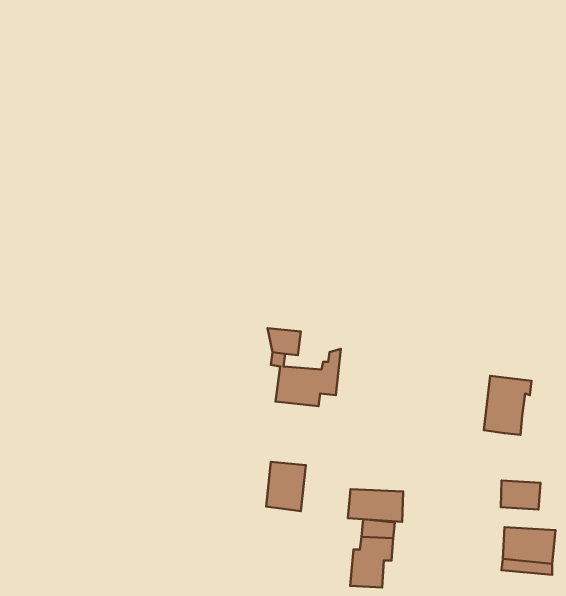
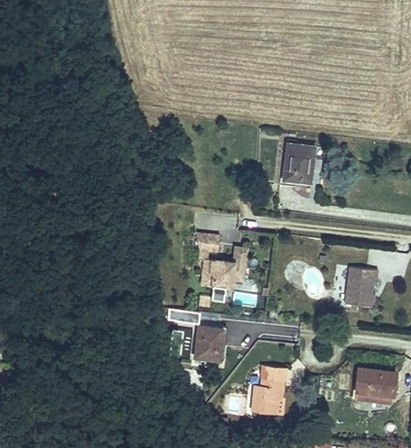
building: none -> [285,144,314,184]
building: [501,481,540,509] -> none
building: [348,489,403,522] -> none

